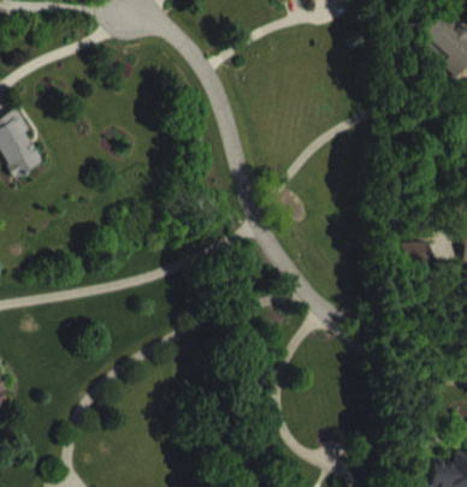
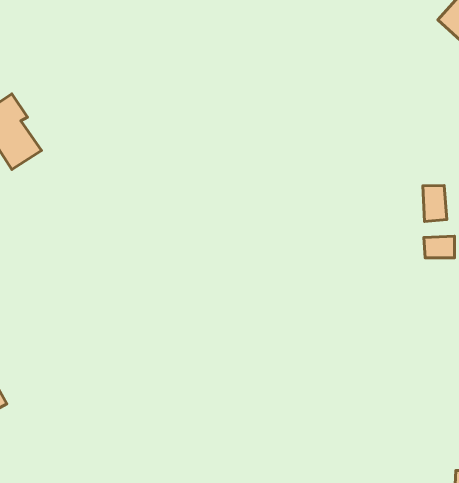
building: none -> [423,186,447,222]

